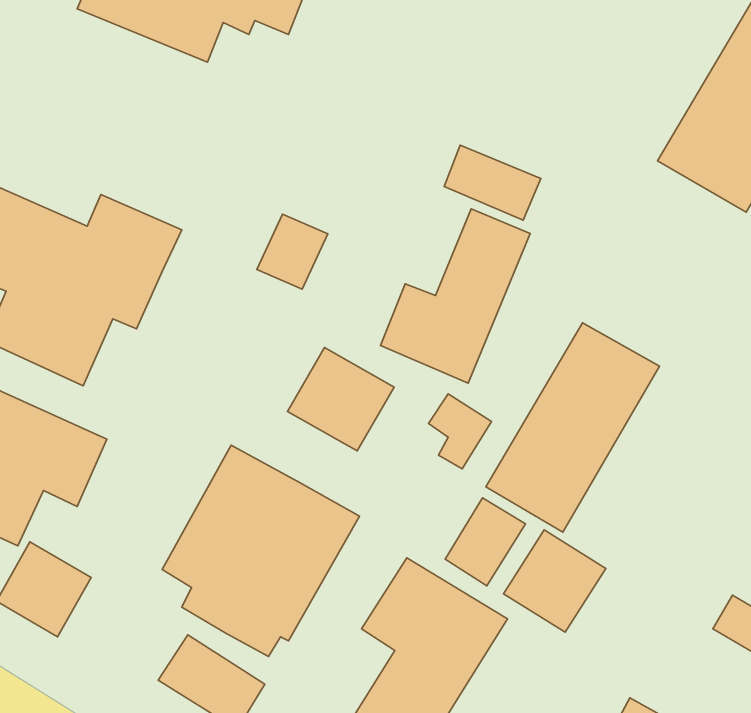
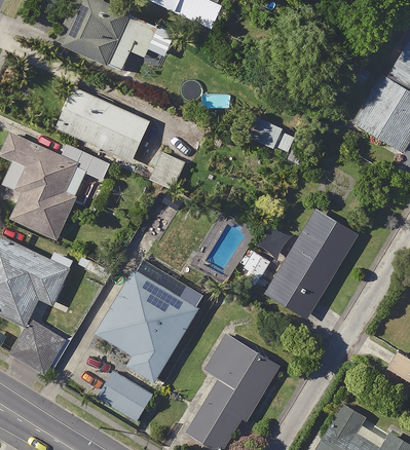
building: none -> [55,88,150,162]
building: [380,209,530,383] -> none
building: [287,348,394,451] -> none
building: [445,498,526,586] -> none
building: [504,530,606,632] -> none

